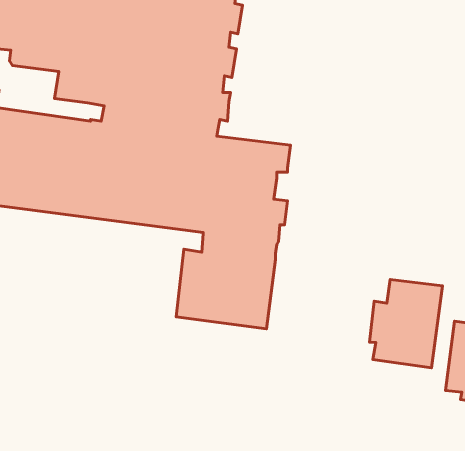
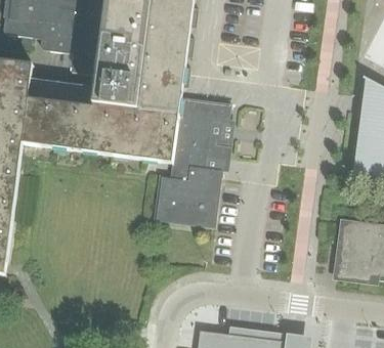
building: [369,280,442,368] -> none

